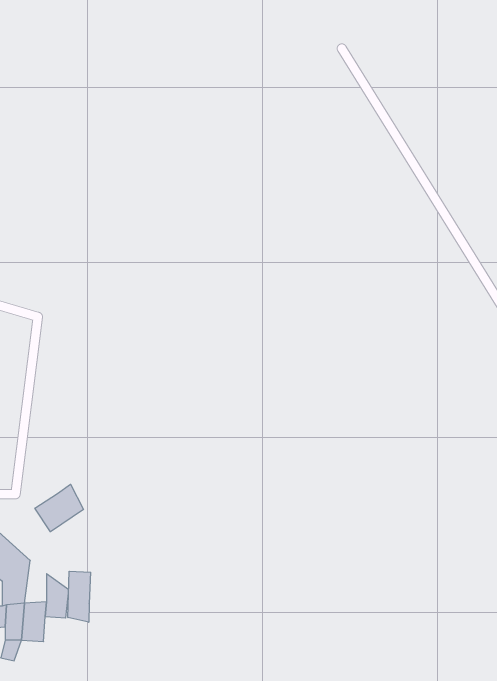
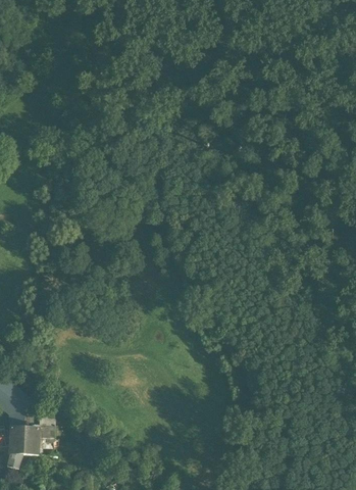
building: [35,484,83,532] -> none
building: [68,571,91,622] -> none

